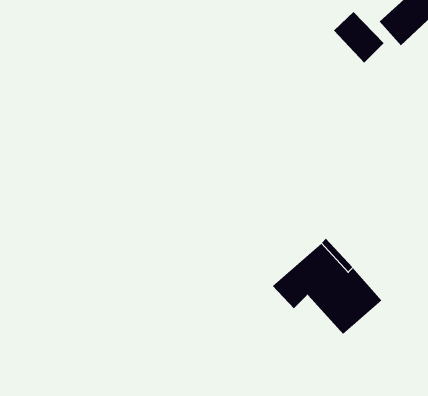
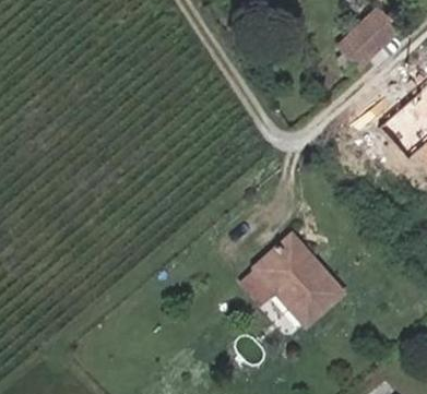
building: [333,11,385,63] -> none

